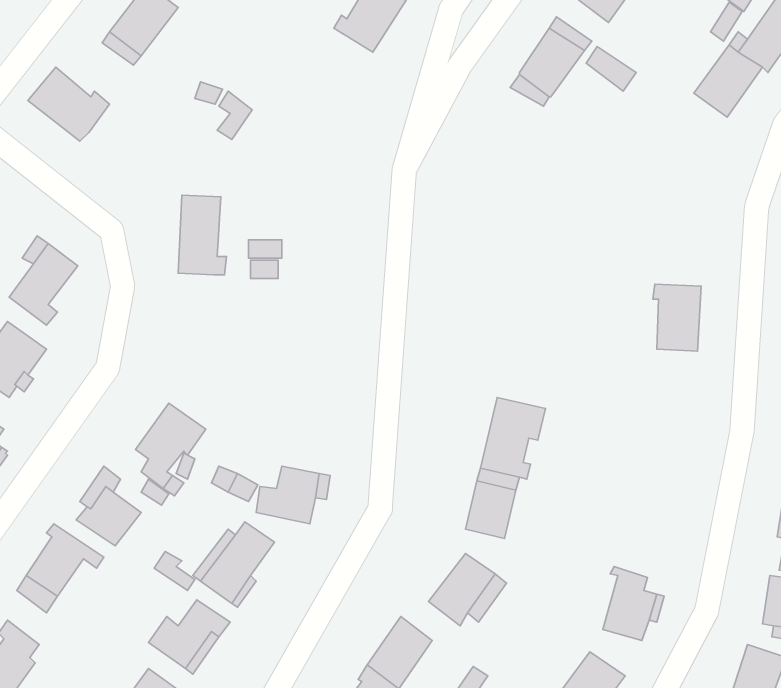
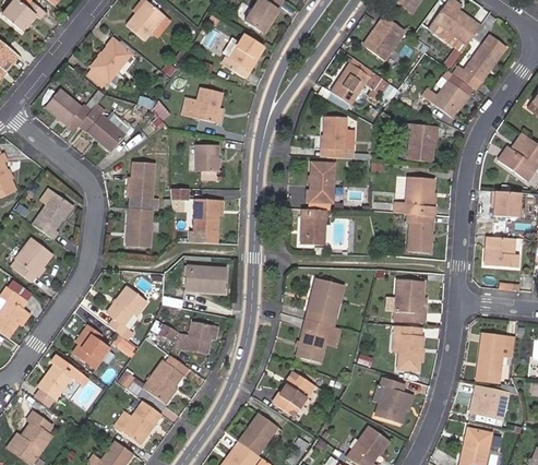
building: none -> [193,87,222,121]
building: none -> [76,107,123,152]
building: none -> [323,117,357,160]
building: none -> [400,118,446,162]
building: none -> [193,145,217,180]
building: none -> [304,165,333,203]
building: none -> [406,179,438,217]
building: none -> [193,199,217,233]
building: none -> [125,208,150,248]
building: none -> [299,218,323,247]
building: none -> [182,267,224,293]
building: none -> [398,284,430,324]
building: none -> [402,329,427,373]

